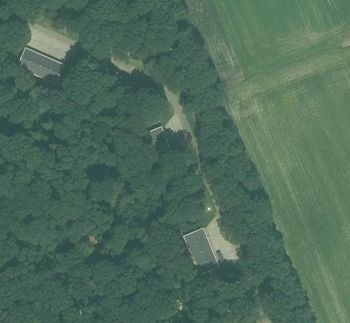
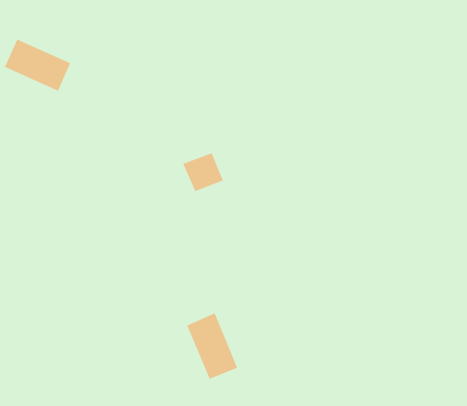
building: [179,226,215,273] -> [186,312,238,380]

